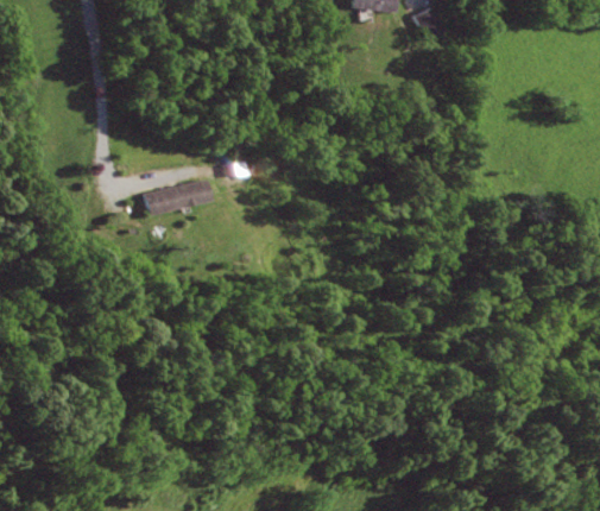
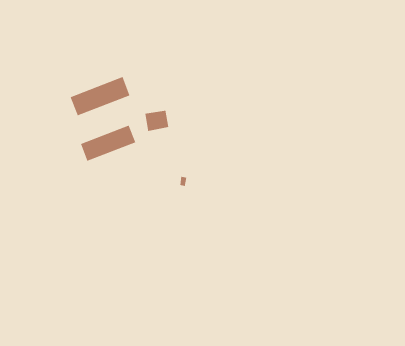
building: none -> [70,76,130,116]

